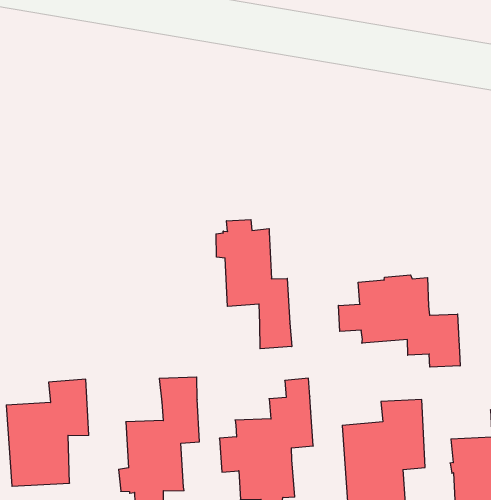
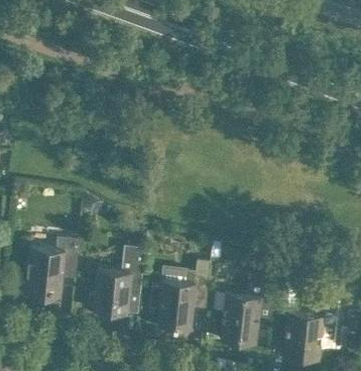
building: [216,220,292,349] -> none
building: [338,275,460,367] -> none

